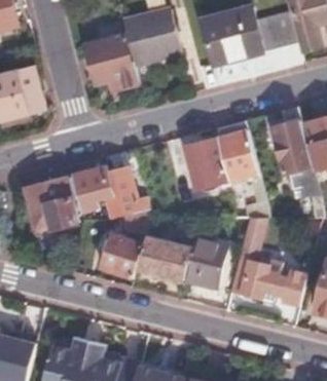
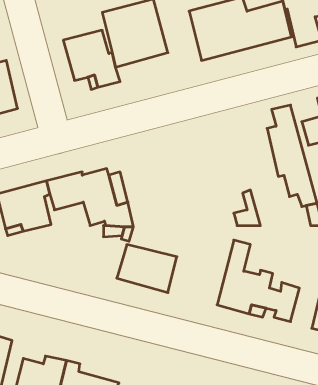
building: [180,119,257,189] -> none
building: [99,233,143,275] -> none
building: [183,236,226,287] -> none

